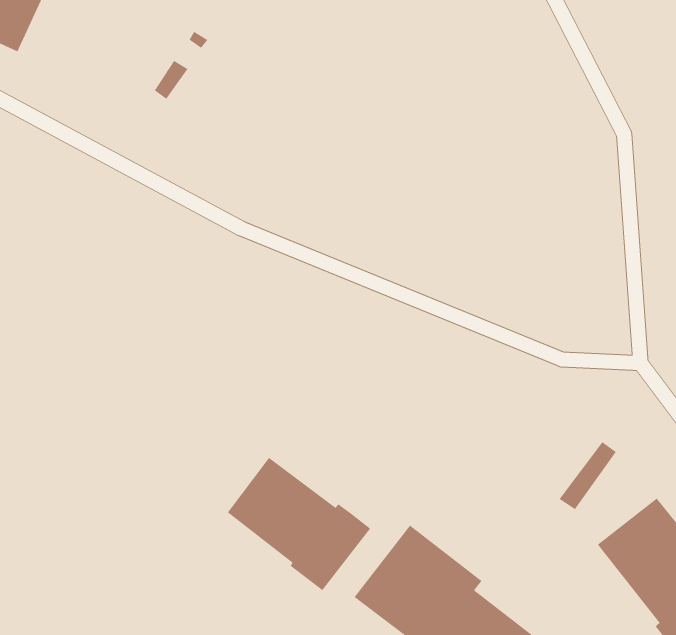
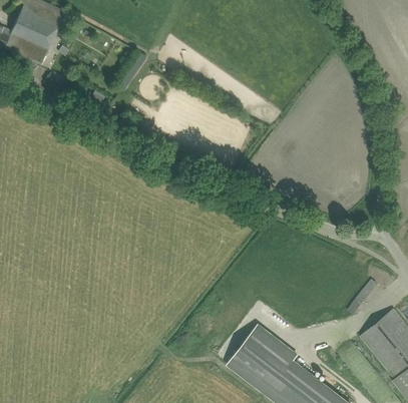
building: [227,457,371,591] -> none

